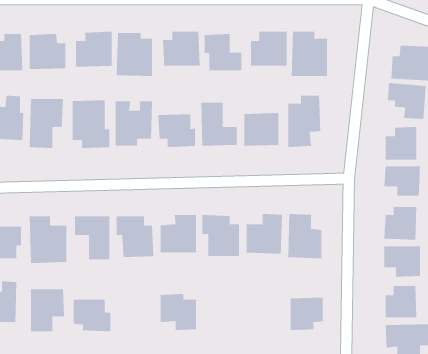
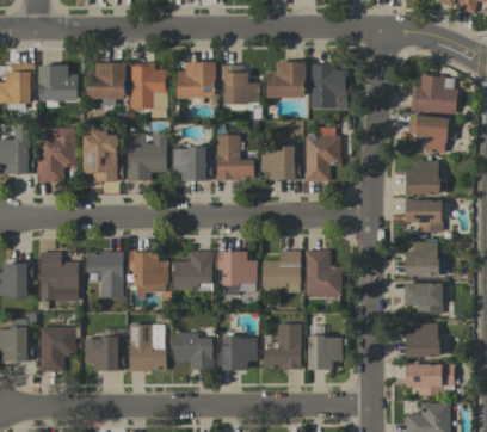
building: none -> [264,323,302,369]
building: none -> [129,325,166,372]
building: none -> [218,337,258,370]

